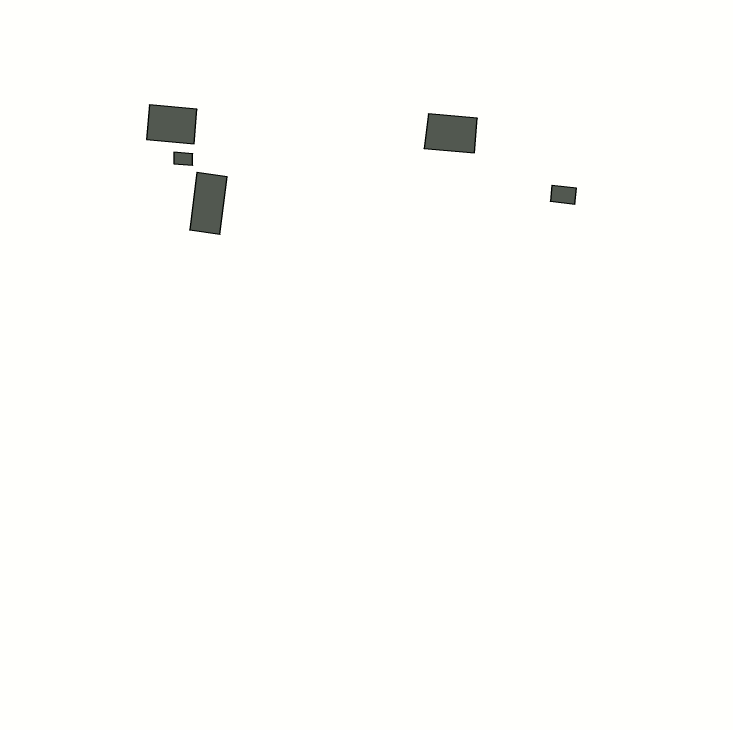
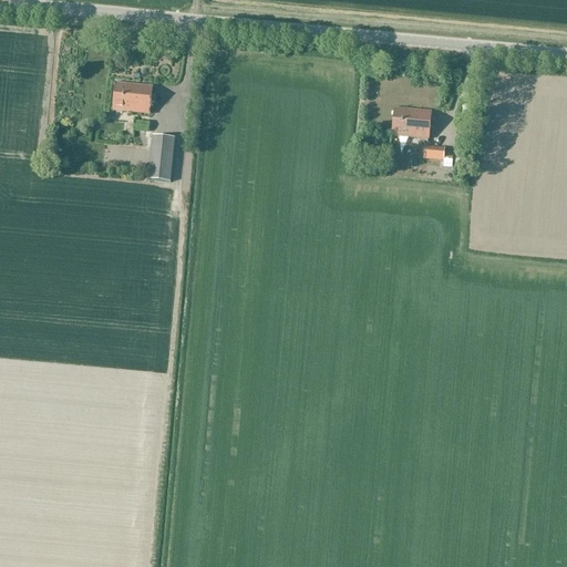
building: [424,114,477,153] -> [391,106,432,136]

